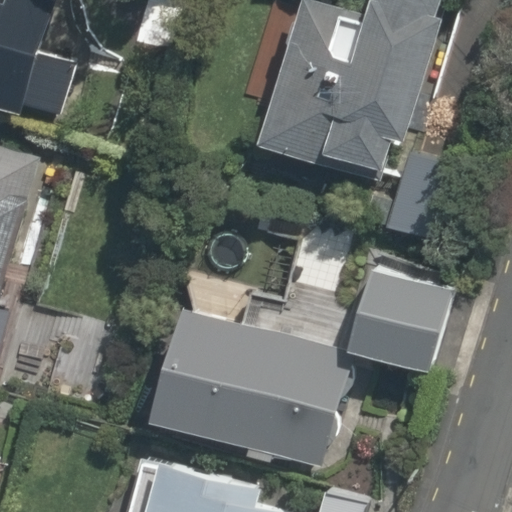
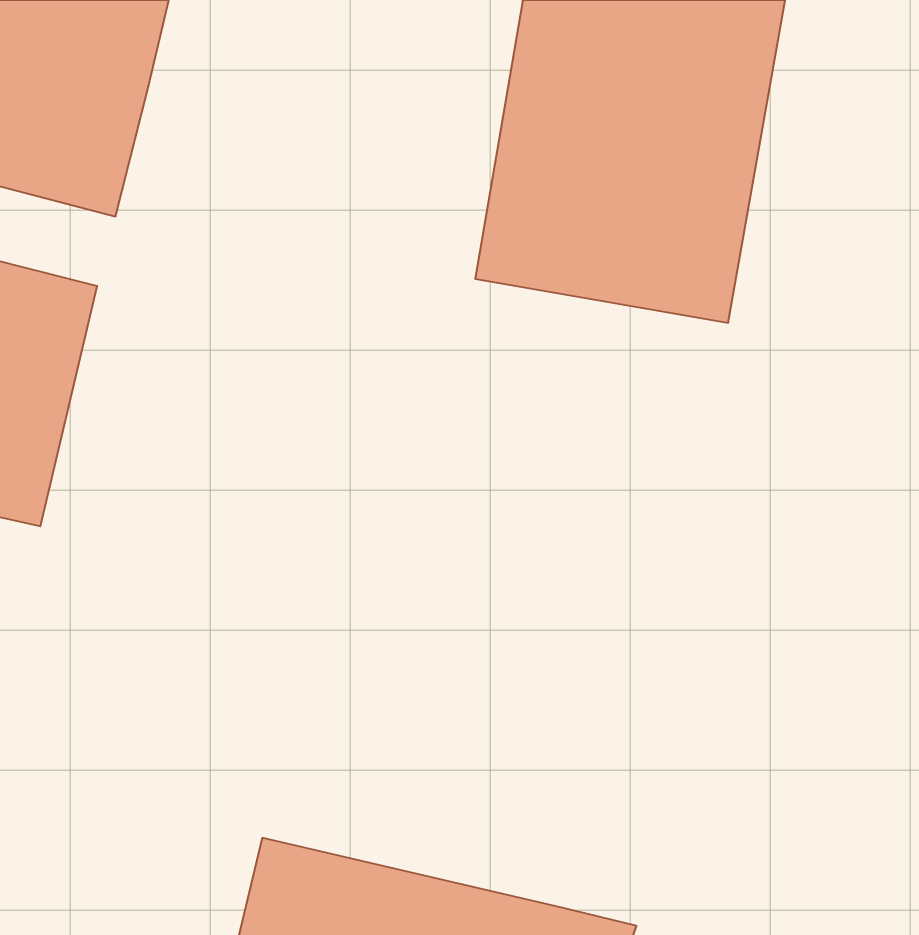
building: [350,269,447,379] -> none
building: [154,311,344,465] -> none

